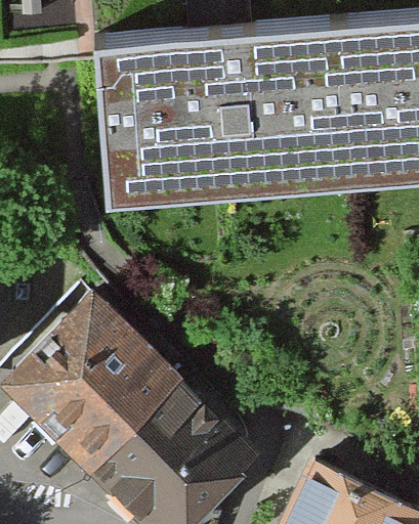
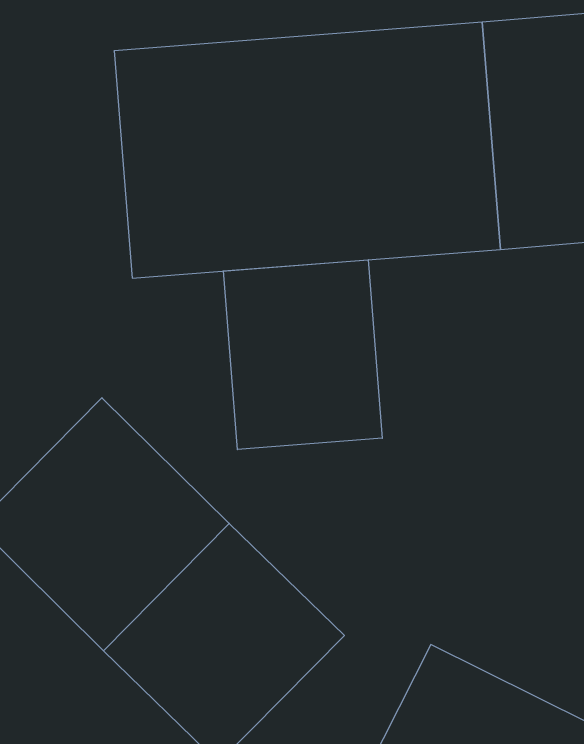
building: none -> [223,260,382,450]

